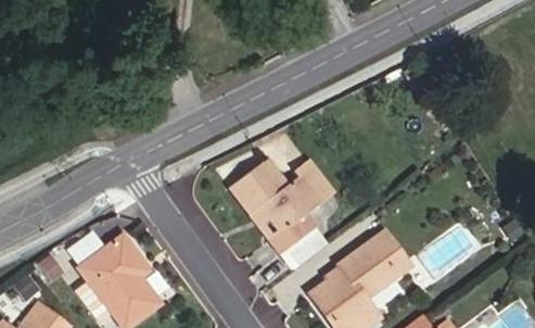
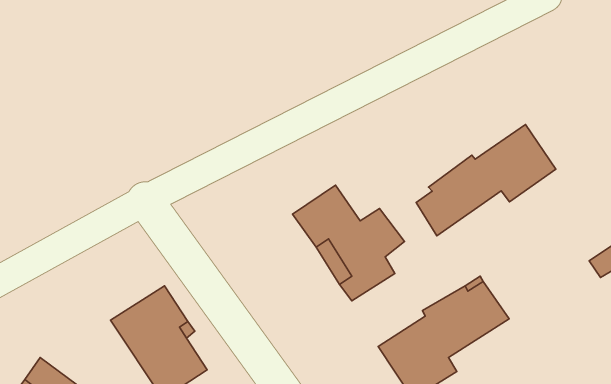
building: none -> [416,125,556,236]

